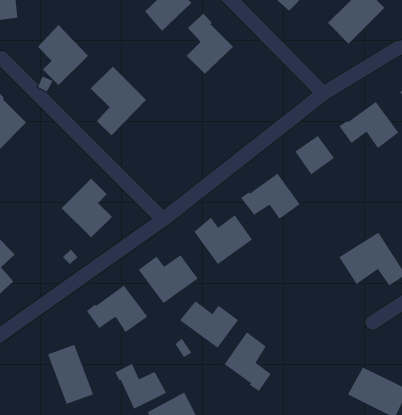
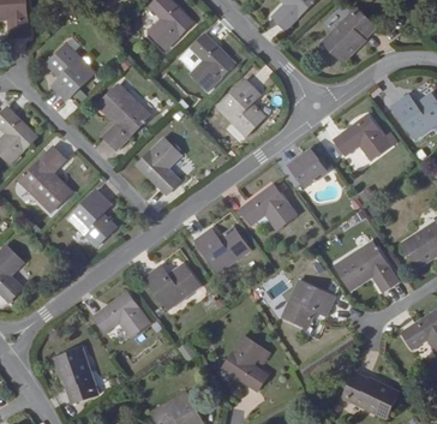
building: none -> [218,79,267,136]
building: none -> [139,136,182,193]
building: none -> [18,144,73,211]
building: none -> [281,277,336,327]
building: [179,300,239,348] -> none
building: [115,363,167,409] -> none

